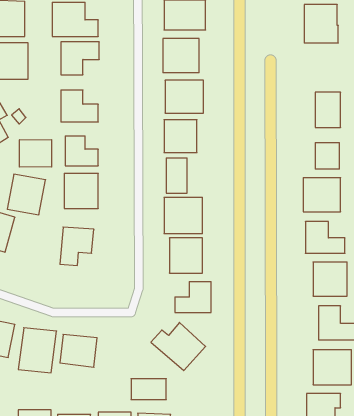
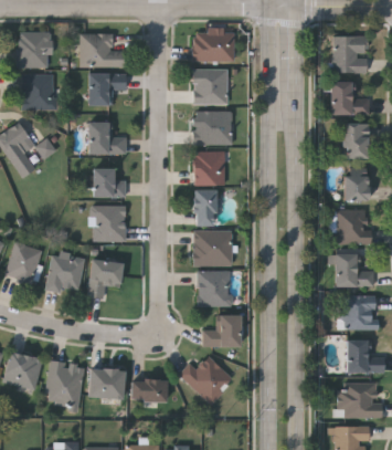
building: none -> [330,81,370,114]
building: [20,140,52,167] -> none
building: [7,174,46,215] -> [46,251,85,292]
building: [131,379,166,400] -> [131,379,167,400]

